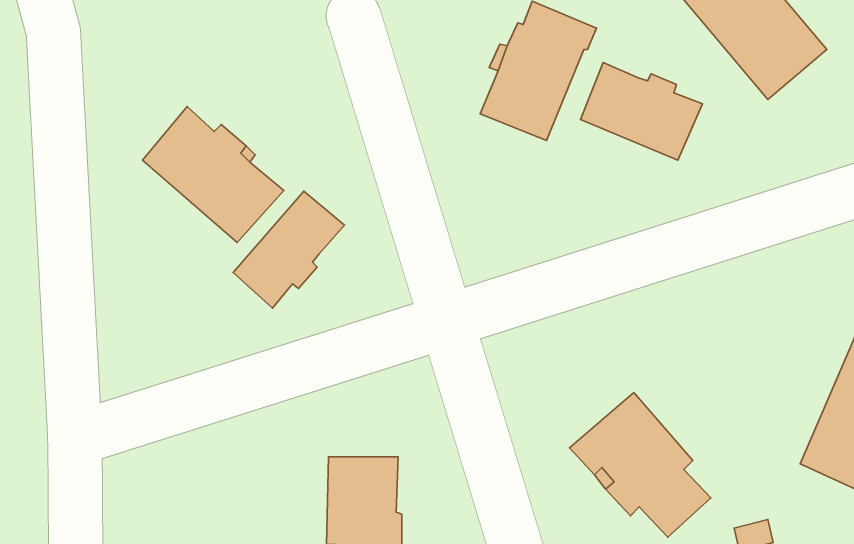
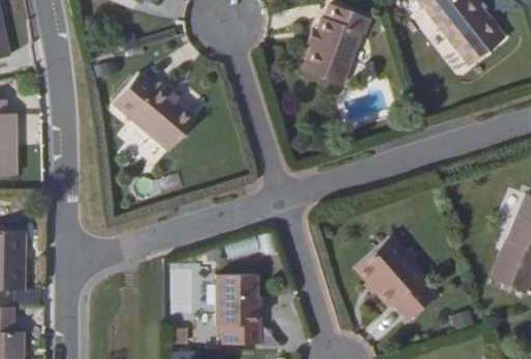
building: [580,62,703,160] -> none
building: [233,191,344,308] -> none

